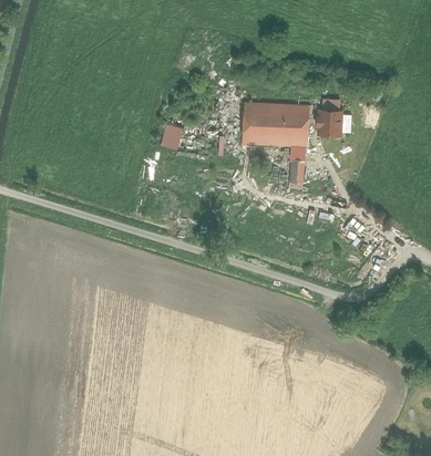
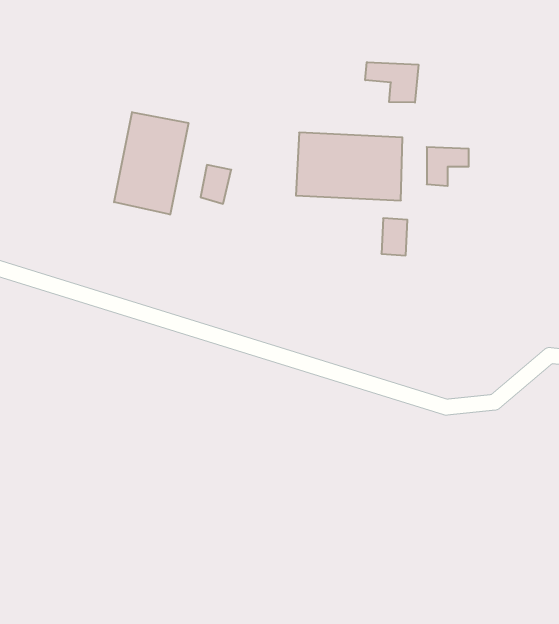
building: none -> [365,62,418,103]
building: none -> [114,112,188,215]

